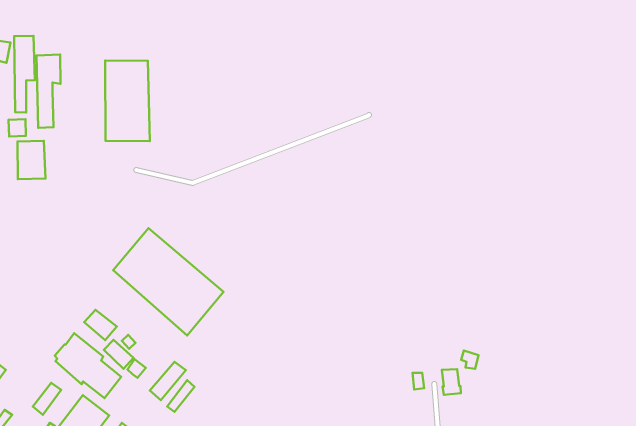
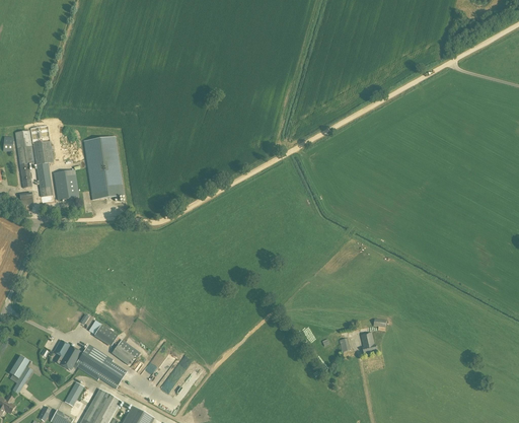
building: [17,141,46,179] -> [54,169,78,200]
building: [113,228,224,336] -> none
building: none -> [53,340,81,370]

